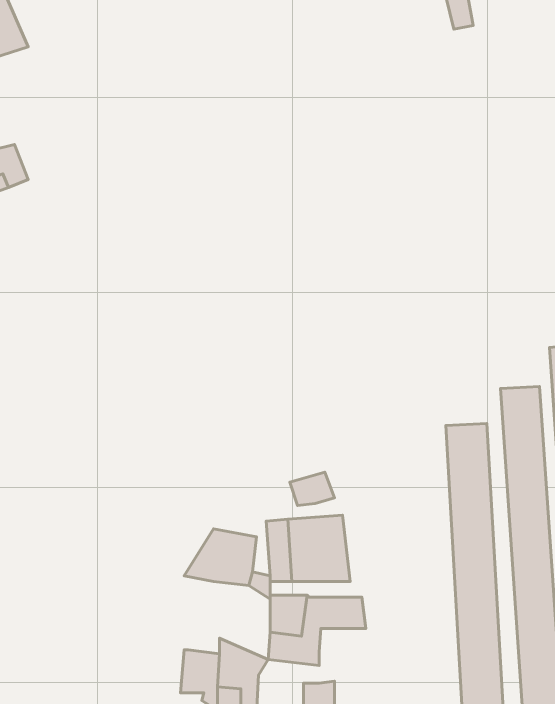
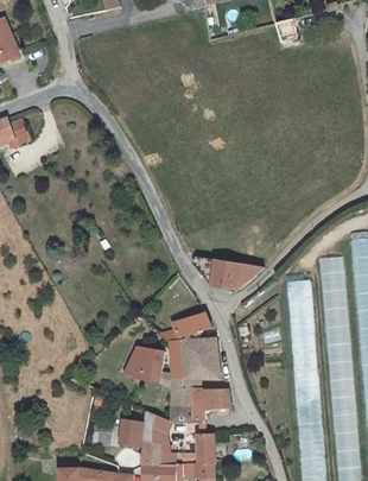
building: none -> [192,258,258,292]
building: none -> [163,315,203,338]

